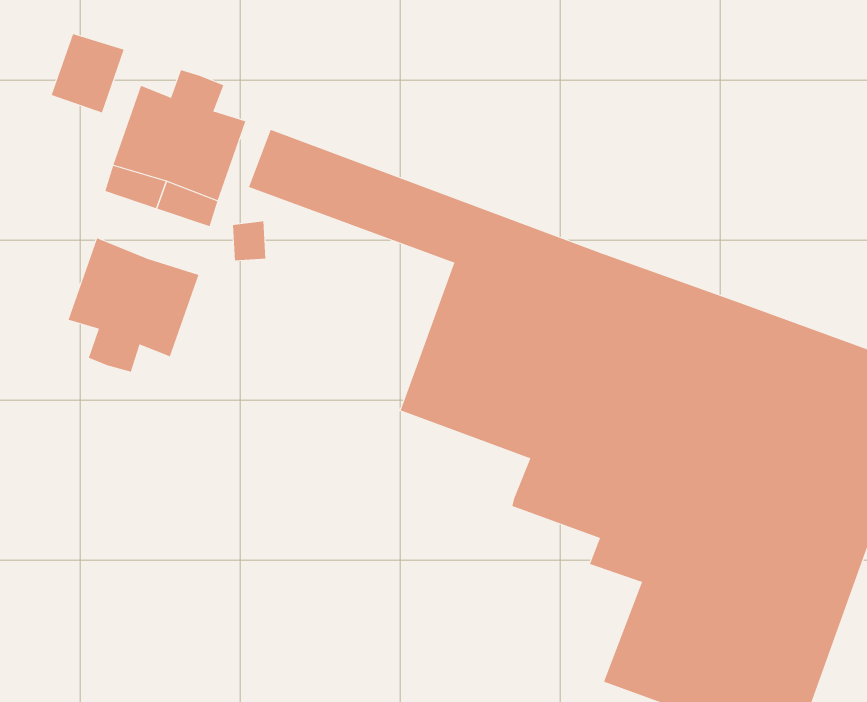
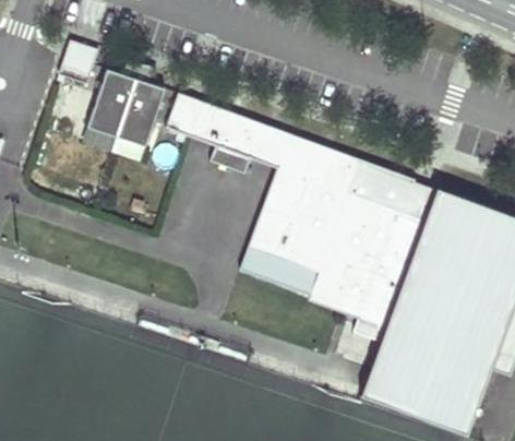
building: [68,237,199,373] -> none
building: none -> [241,247,321,295]

